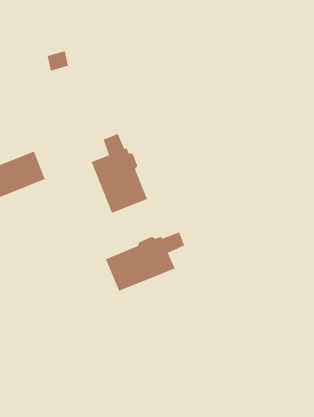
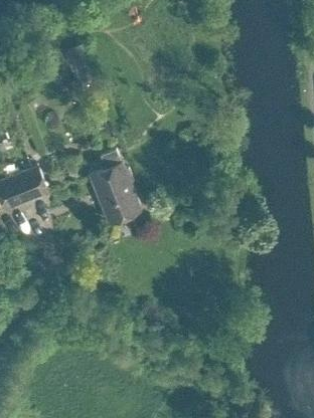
building: [105,231,185,292] -> none

